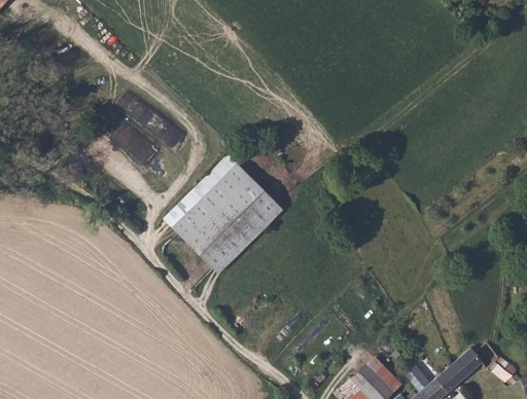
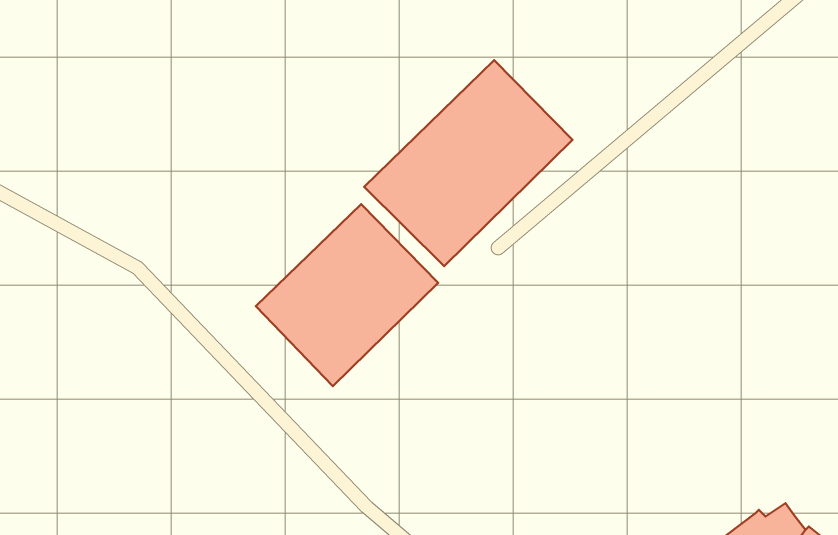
building: none -> [364,60,572,266]

